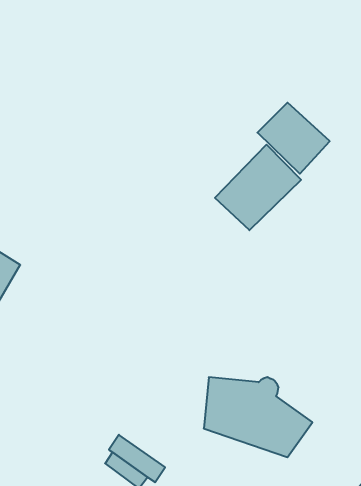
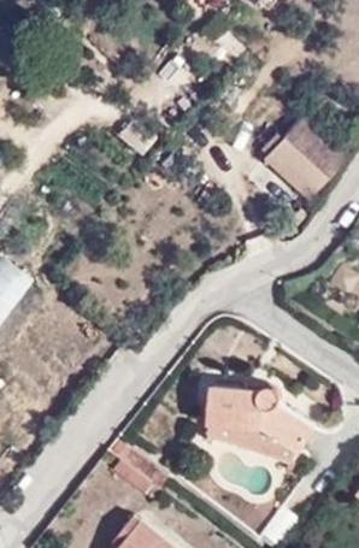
building: [215,145,301,230] -> none

